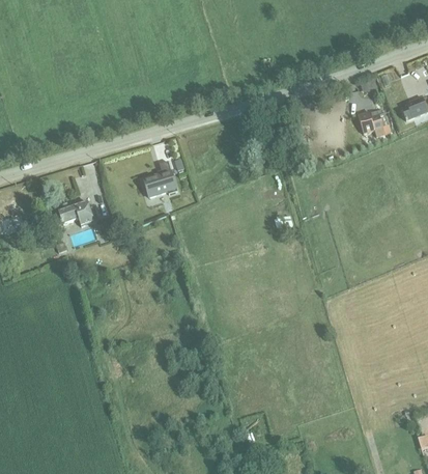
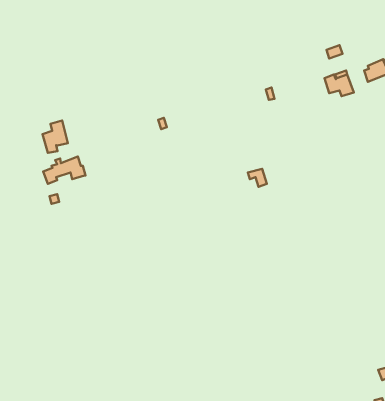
building: [143,161,177,198] -> none
building: none -> [42,120,68,153]

